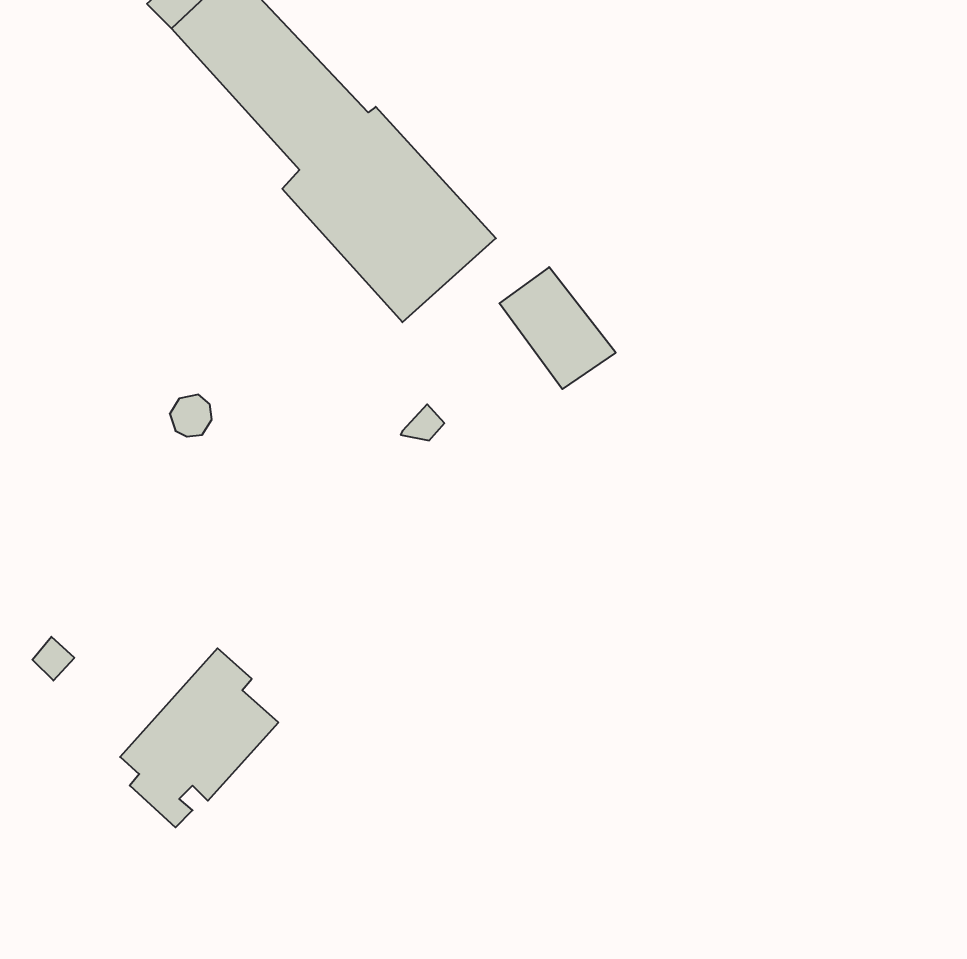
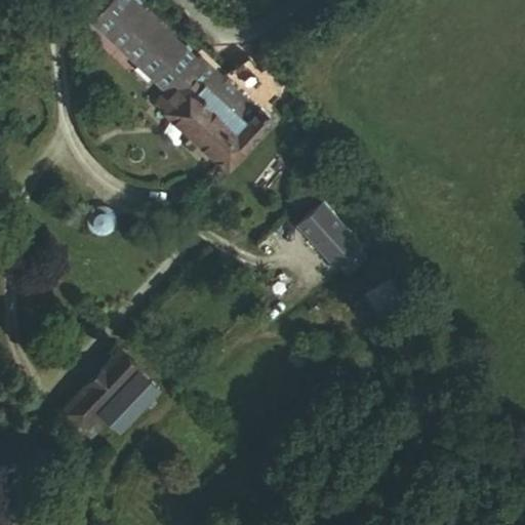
building: [499,267,616,389] -> [300,200,363,266]

